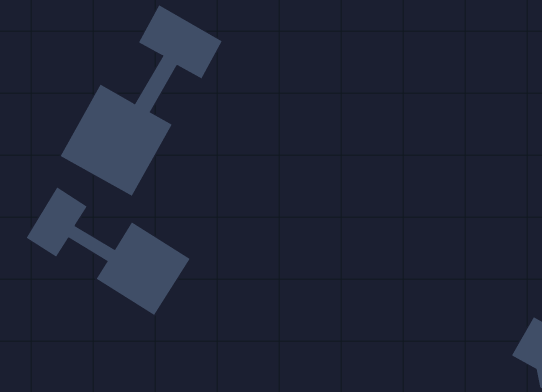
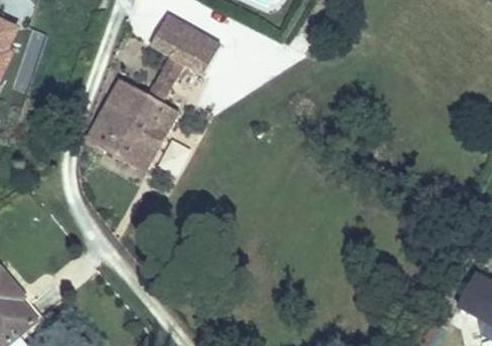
building: [26,187,190,316] -> none

